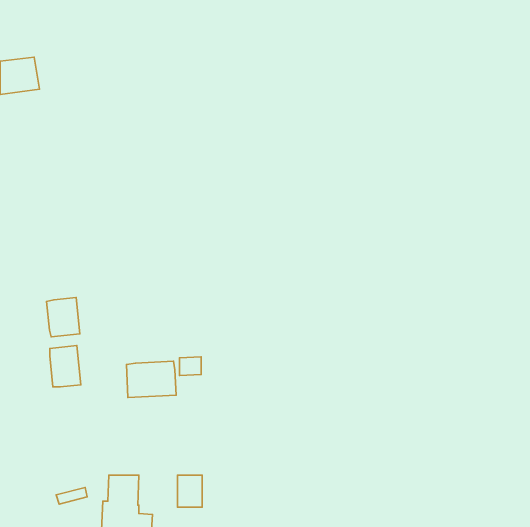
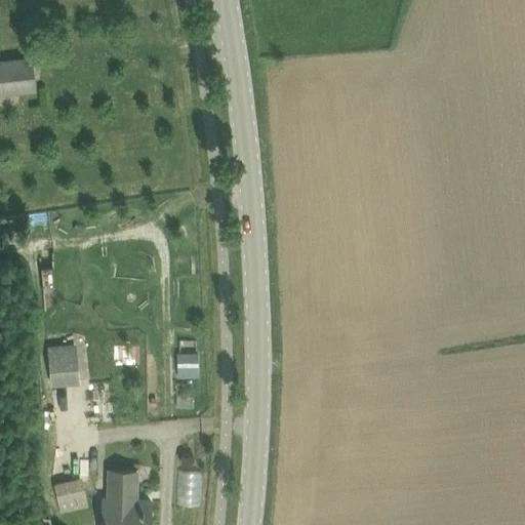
building: [46,298,80,337] -> none
building: [127,361,176,397] -> none

